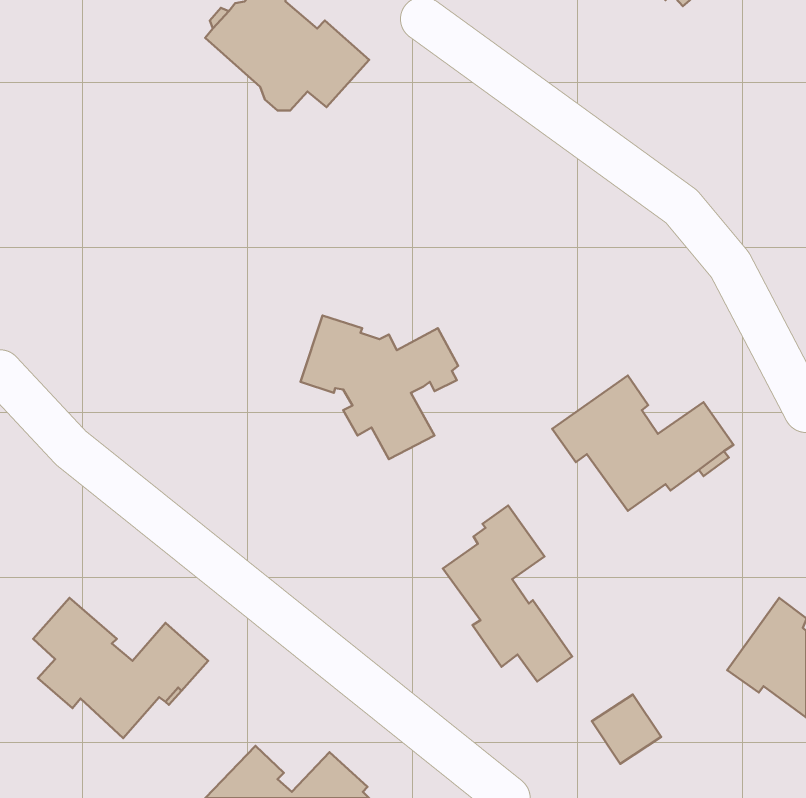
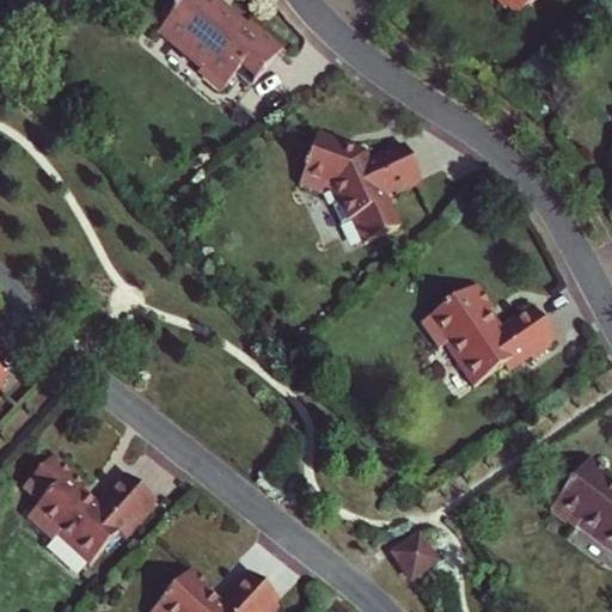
building: [301,316,458,459] -> [293,130,412,239]
building: [443,506,572,681] -> none
building: [592,694,661,764] -> [387,528,440,581]

